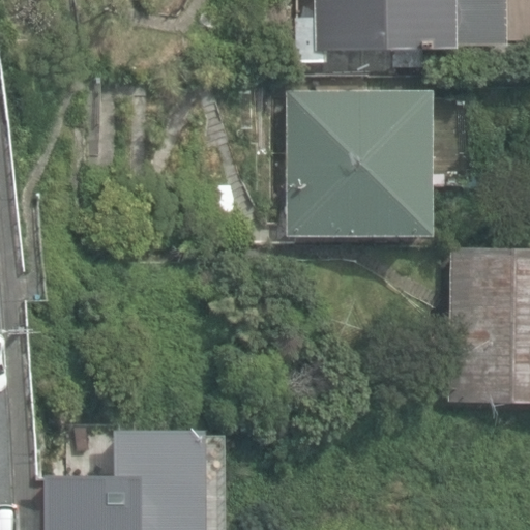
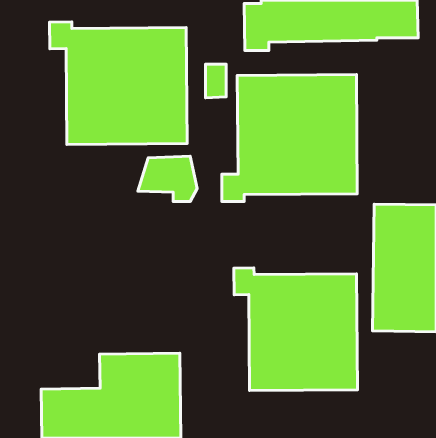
building: none -> [49,22,187,144]
building: none -> [234,268,357,391]

